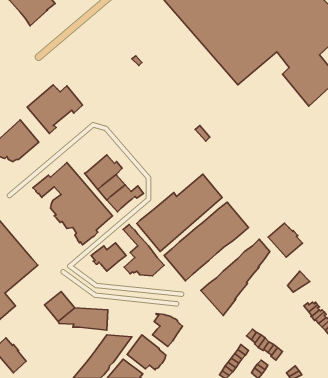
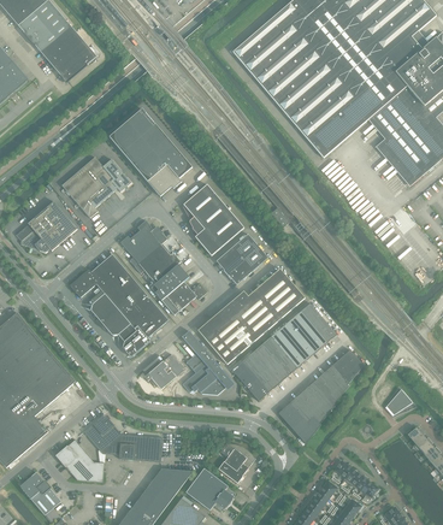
building: none -> [108,108,191,196]
building: none -> [183,184,243,255]
building: none -> [119,220,166,267]
building: none -> [215,234,267,284]
building: [268,223,302,257] -> none
building: none -> [55,440,104,483]

